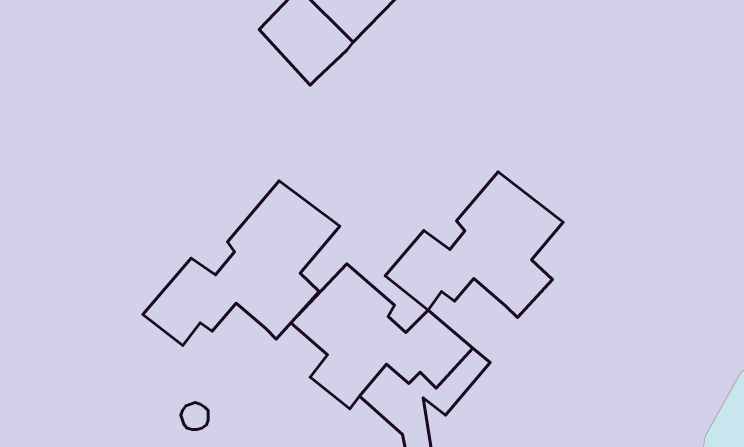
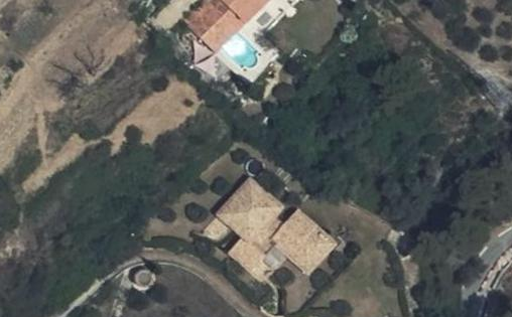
building: [385,172,563,318] -> none
building: [143,181,340,345] -> none

